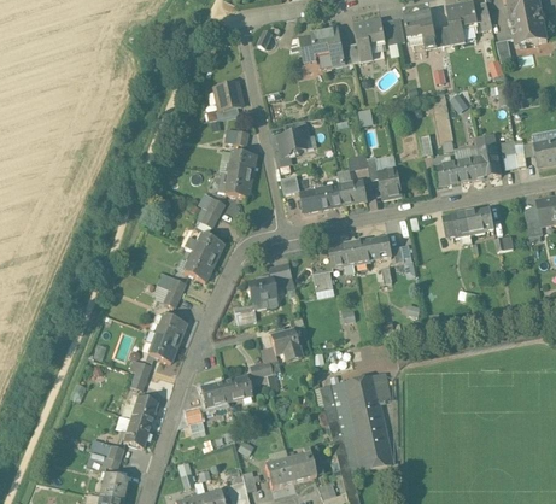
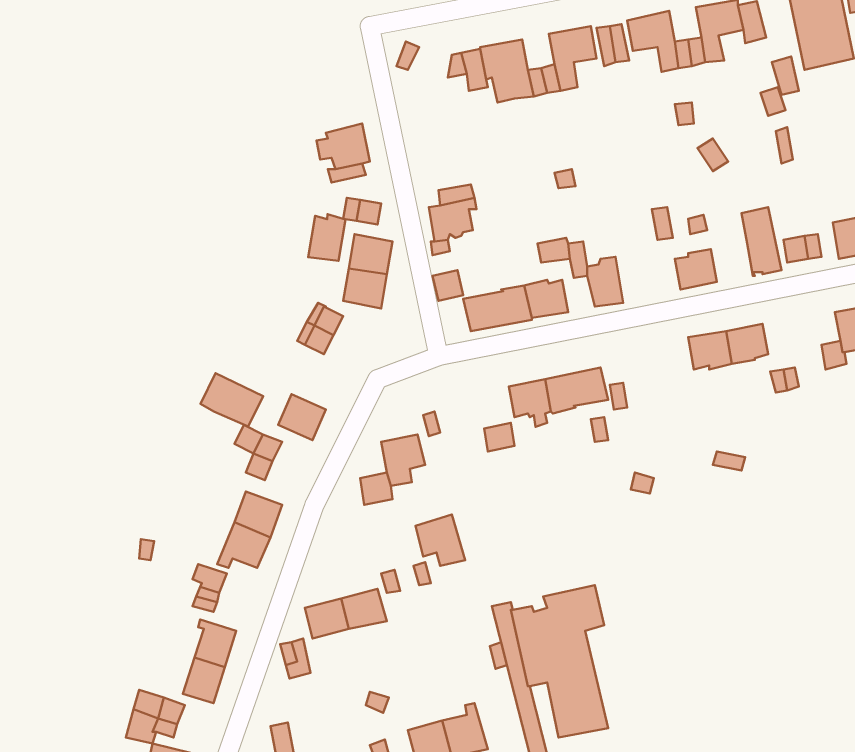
building: none -> [308,214,345,261]
building: [457,157,484,182] -> none
building: [183,228,223,262] -> [200,373,263,427]

